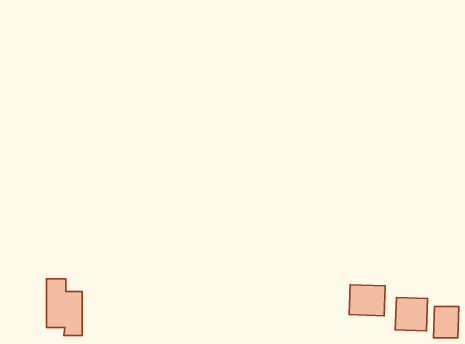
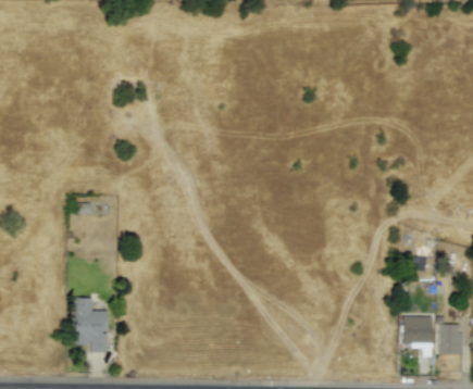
building: [349,285,385,316] -> none

